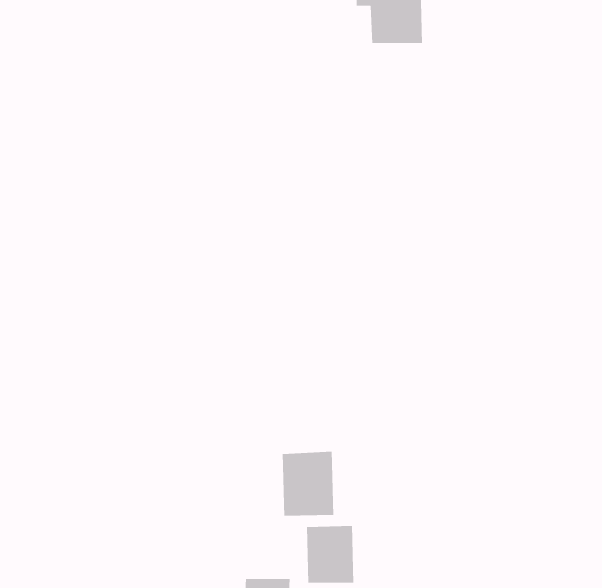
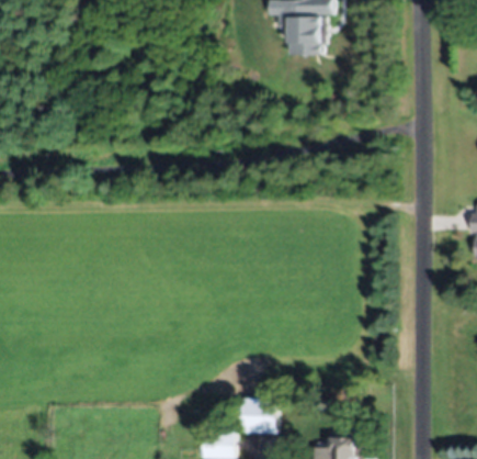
building: [282,451,334,517] -> none

